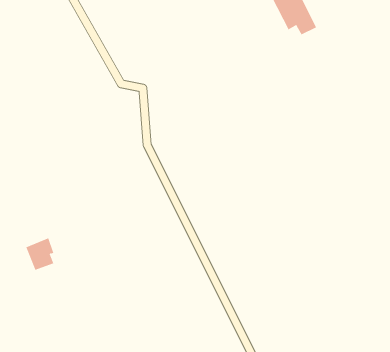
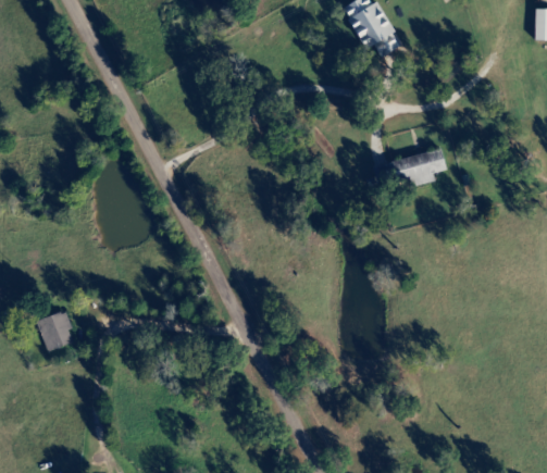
building: none -> [389,148,446,189]

